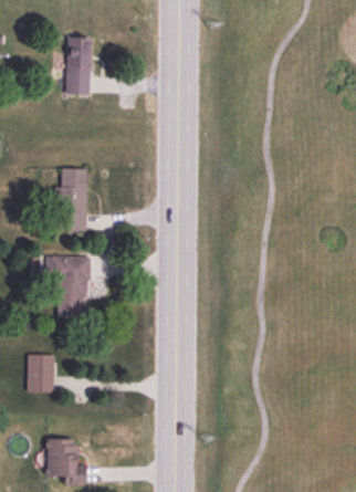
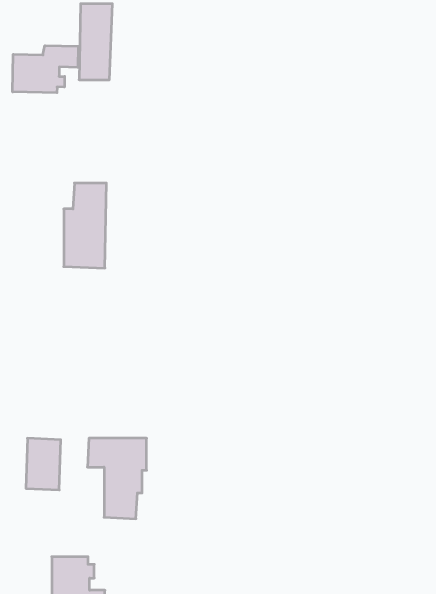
building: none -> [13,46,78,93]
building: [46,257,90,315] -> [87,438,147,519]

